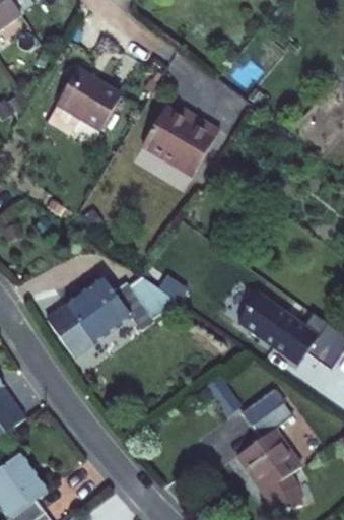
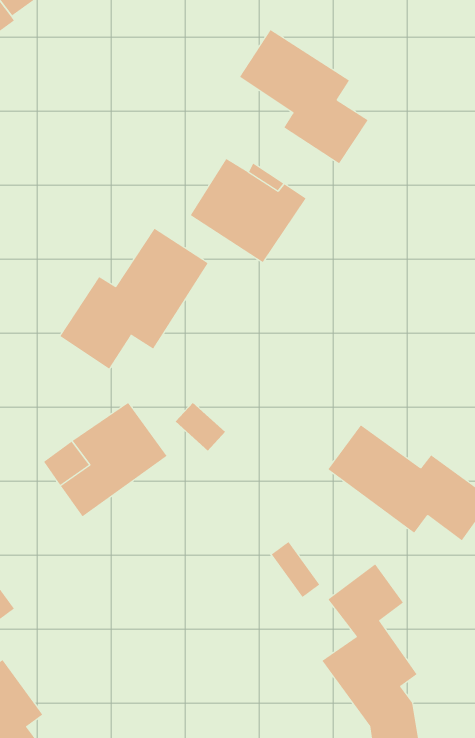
building: none -> [239,29,369,164]
building: [59,68,124,129] -> none
building: none -> [59,228,209,370]

